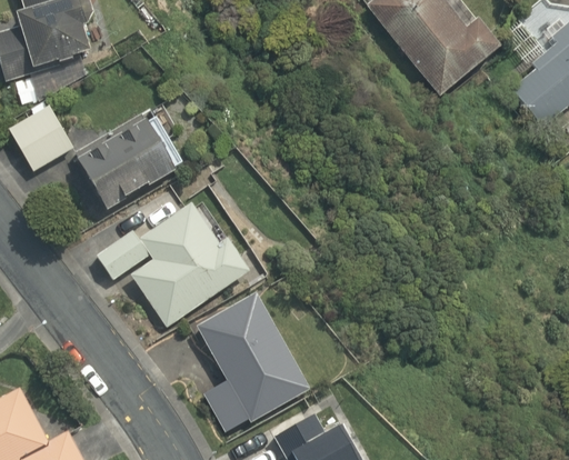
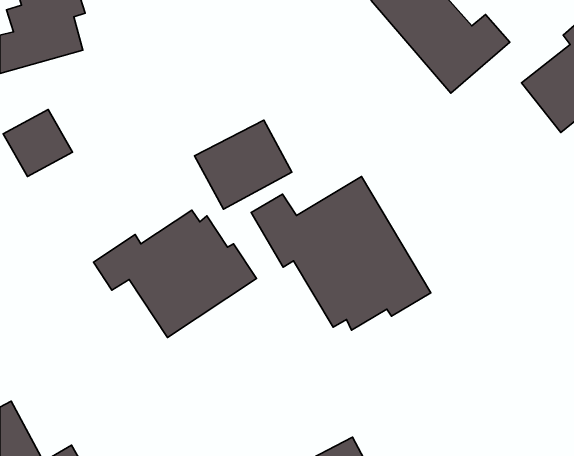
building: [89,112,182,198] -> [194,120,292,209]
building: none -> [251,177,431,330]
building: [192,293,307,430] -> none

